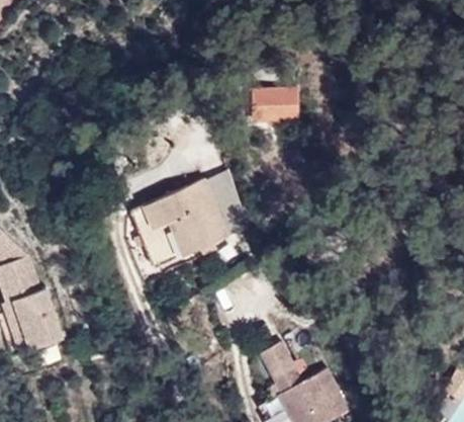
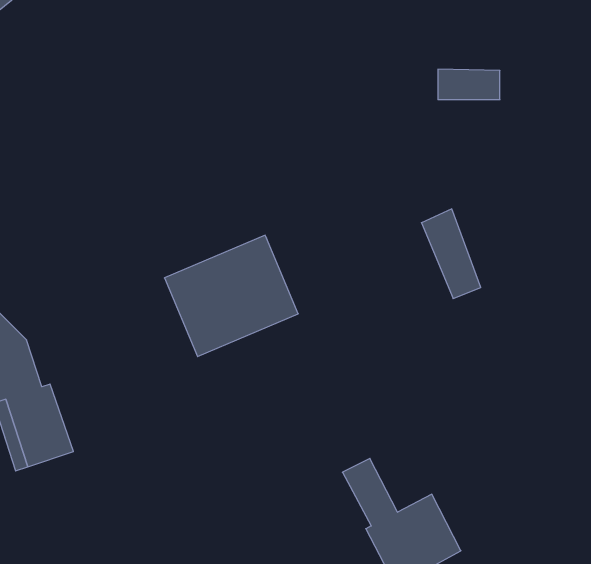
building: [252,95,297,117] -> [438,69,500,100]
building: [204,172,248,238] -> [421,209,481,299]

